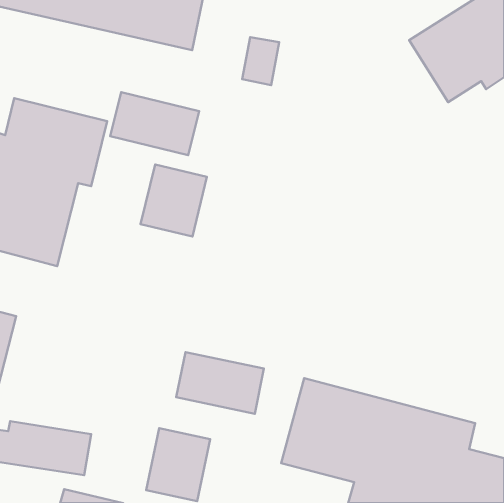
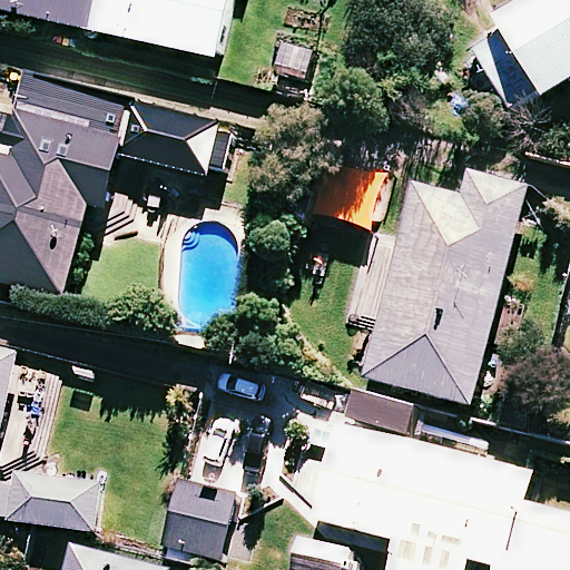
building: none -> [363,173,524,403]
building: [141,165,207,236] -> none
building: [176,352,264,414] -> none

